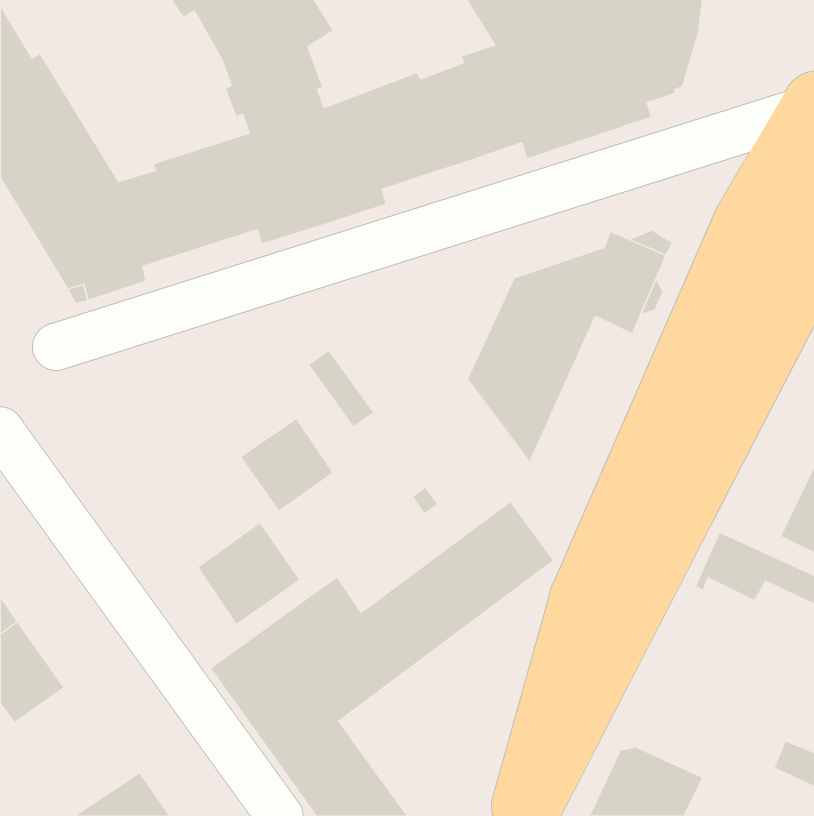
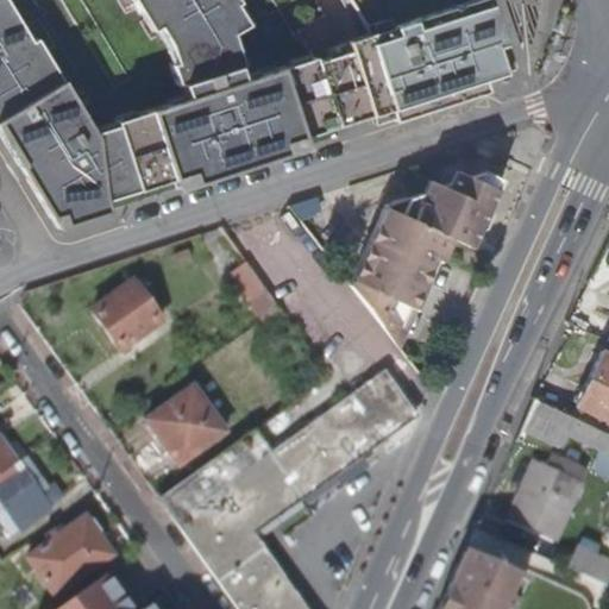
building: [240,418,333,511] -> [93,280,162,349]
building: none -> [511,452,588,536]
building: none -> [32,514,115,591]

